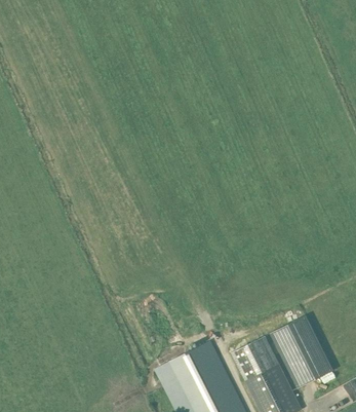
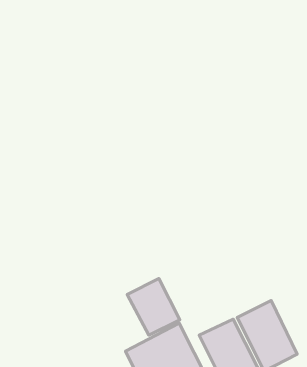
building: none -> [127,278,180,335]

